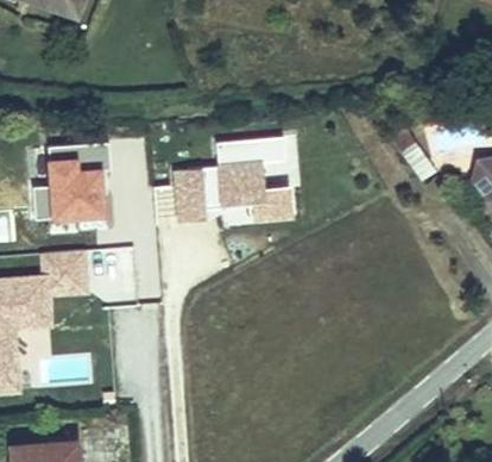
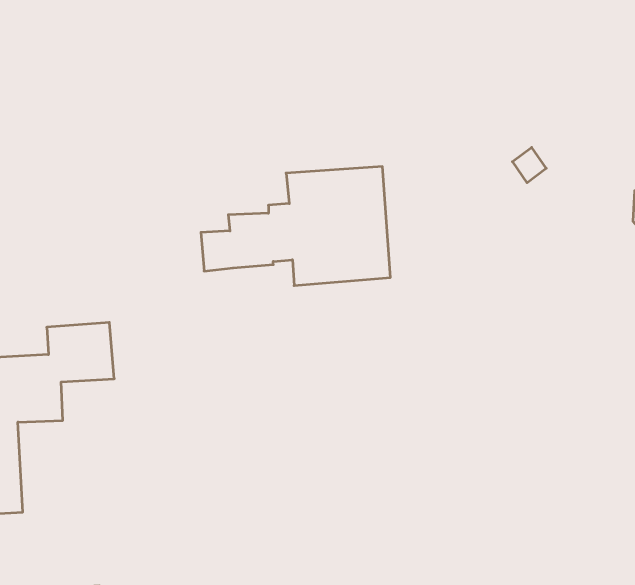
building: [34,143,107,218] -> none

